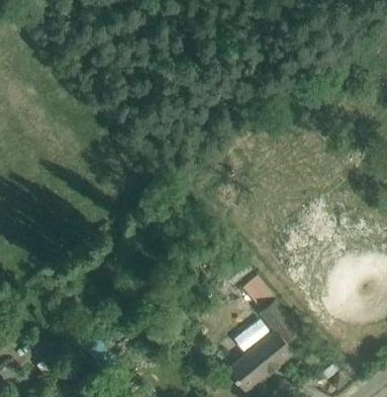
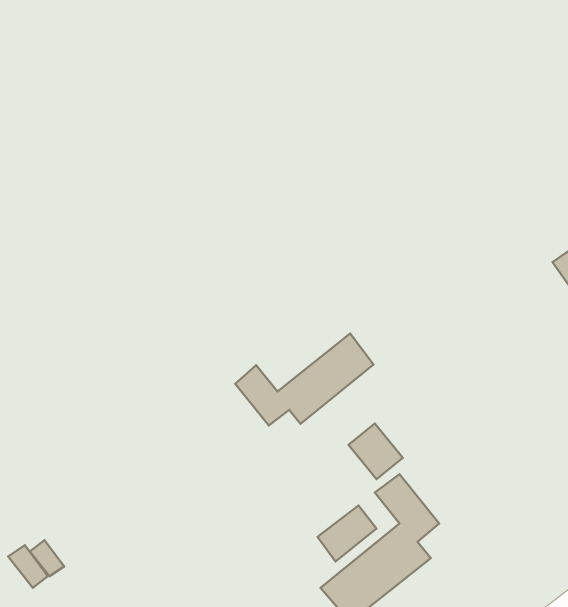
building: none -> [235,333,374,426]

